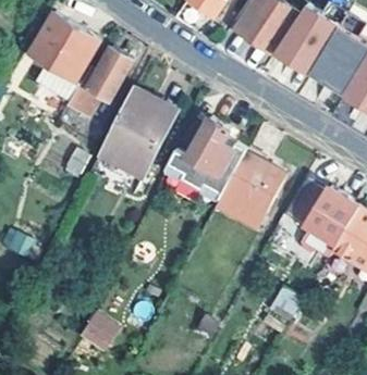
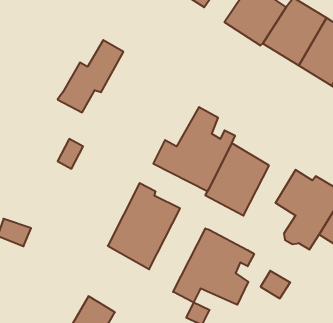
building: [29,13,100,101] -> none
building: [96,96,170,184] -> [108,183,180,269]
building: none -> [173,228,254,305]

